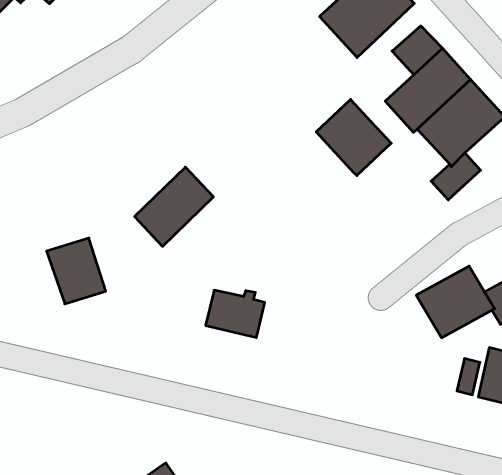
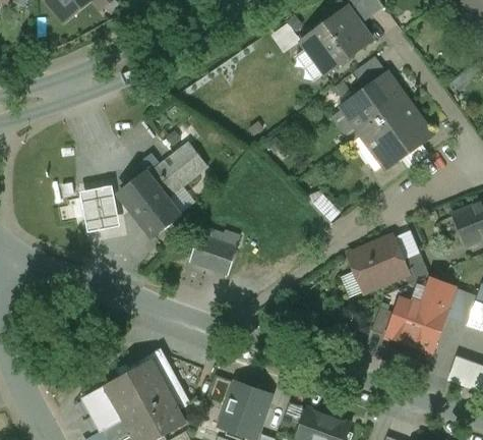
building: [316,99,391,176] -> none
building: none -> [119,173,177,234]

